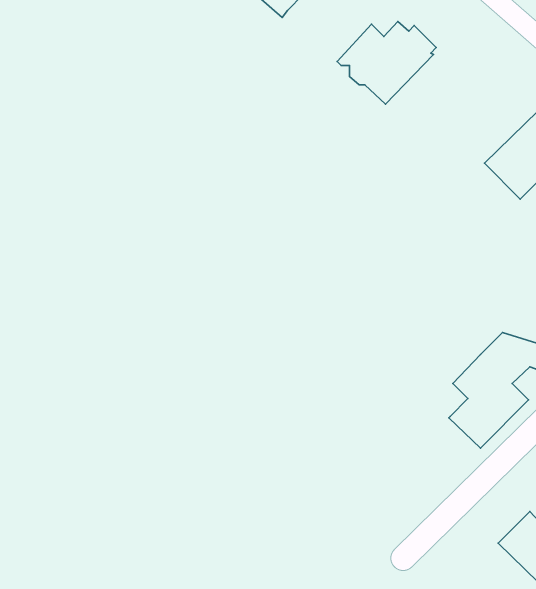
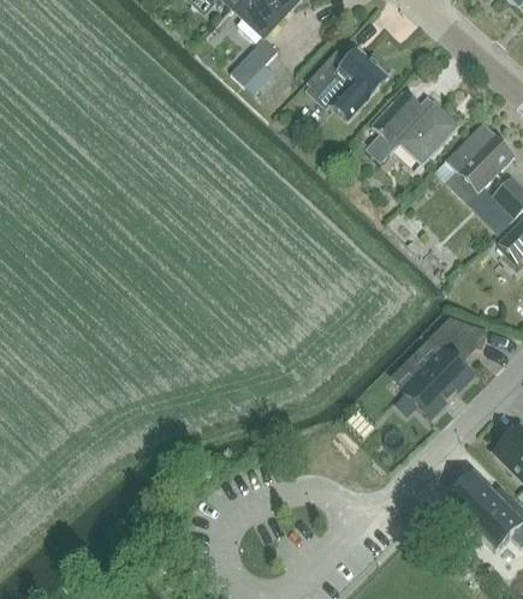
building: none -> [231,38,278,85]
building: none -> [338,90,456,163]

